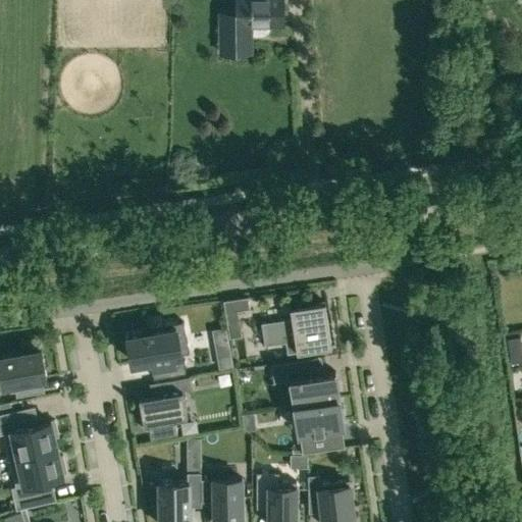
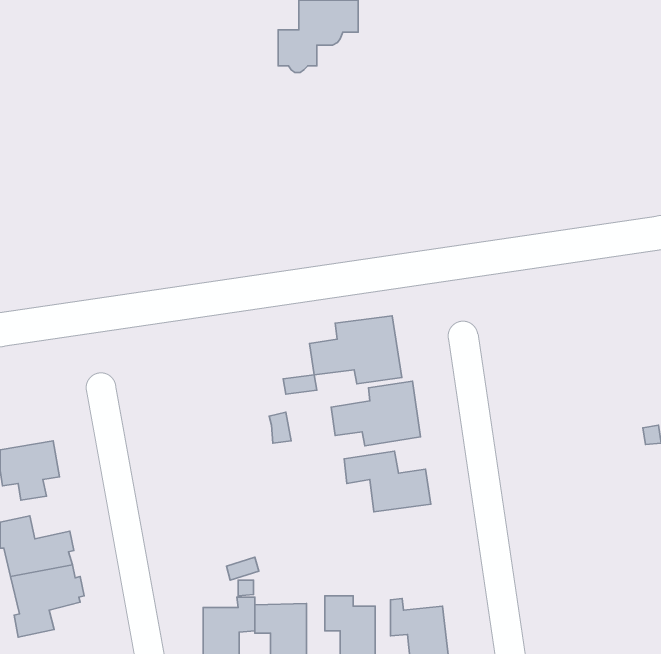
building: none -> [309,316,402,384]
building: [127,325,189,382] -> none
building: [139,380,192,439] -> none
building: [295,403,344,457] -> none

